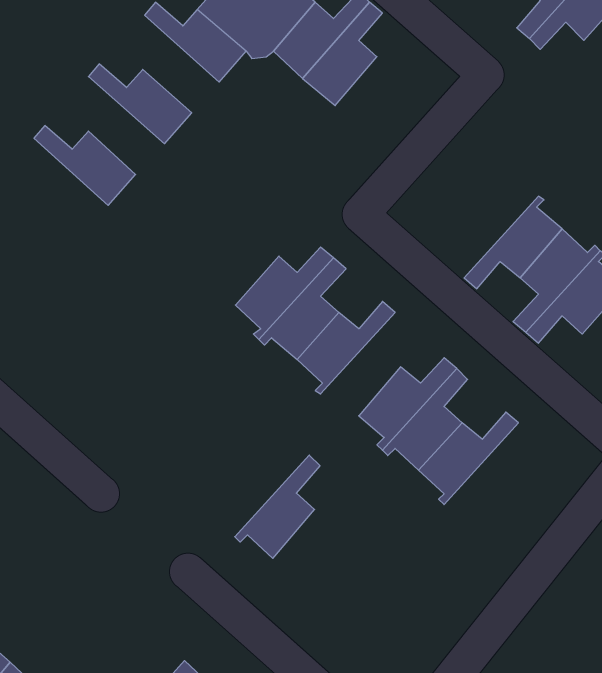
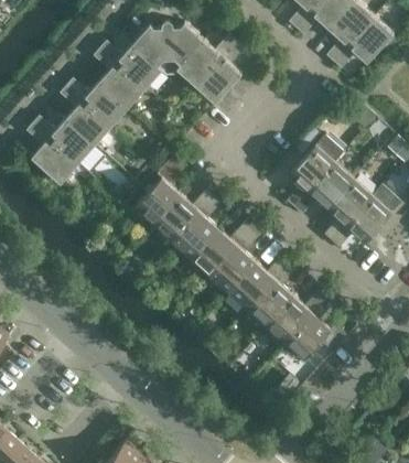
building: none -> [93,50,146,109]
building: none -> [60,87,112,147]
building: none -> [26,125,78,185]
building: none -> [287,147,340,209]
building: none -> [132,163,185,226]
building: none -> [282,298,346,360]
building: [235,455,320,558] -> [207,230,259,293]

